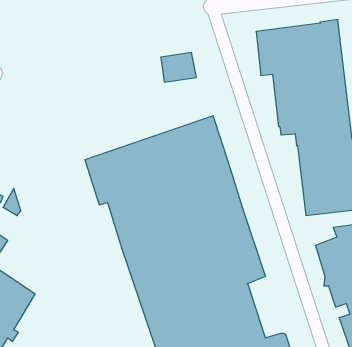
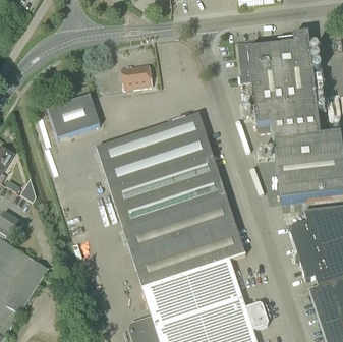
building: [161,52,196,82] -> [121,63,152,89]
building: none -> [48,94,100,137]

